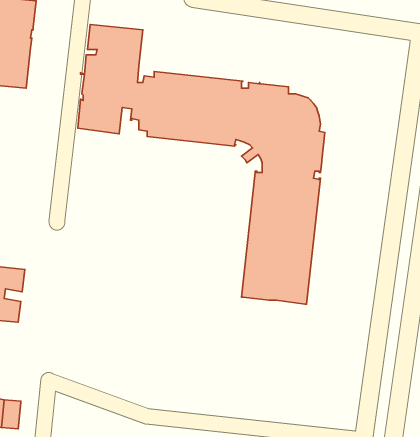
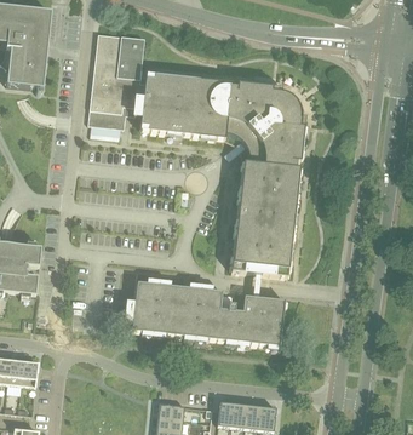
building: none -> [125,273,285,349]

